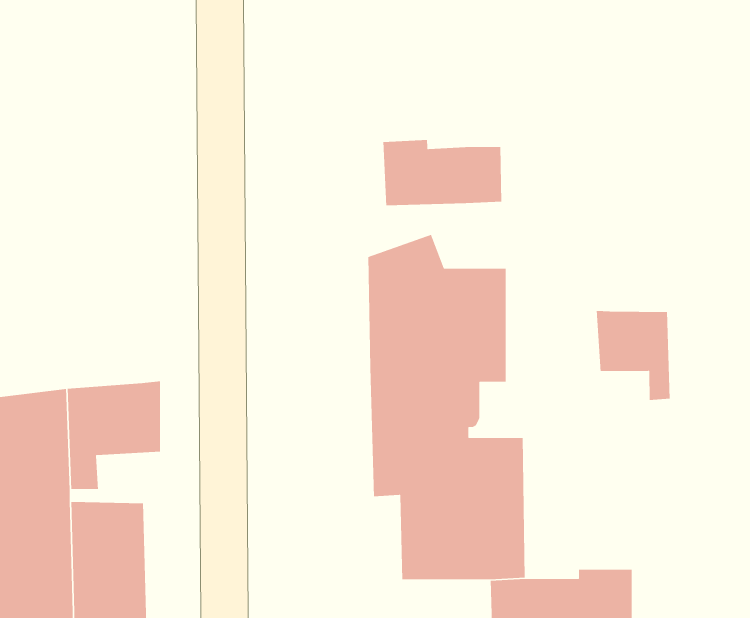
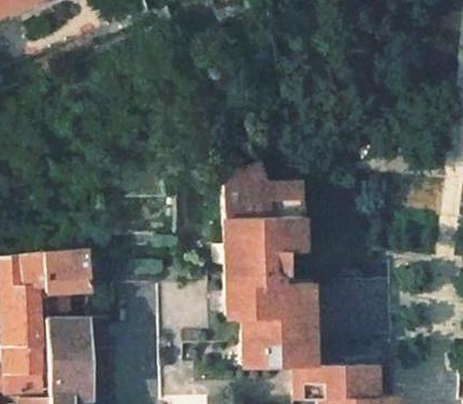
building: [383,139,502,206] -> none
building: [596,310,670,401] -> none

